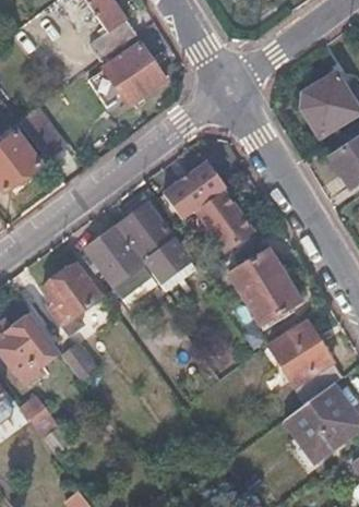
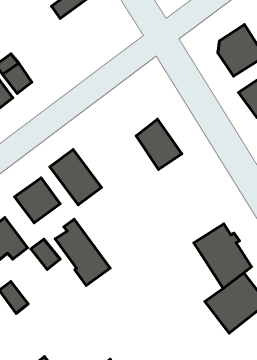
building: [89,46,165,110] -> none
building: [165,160,227,220] -> none
building: [121,197,191,281] -> [55,219,110,285]
building: [228,250,299,326] -> none

